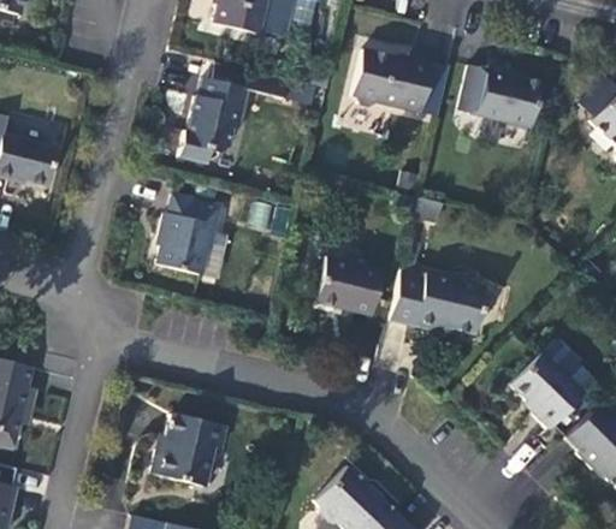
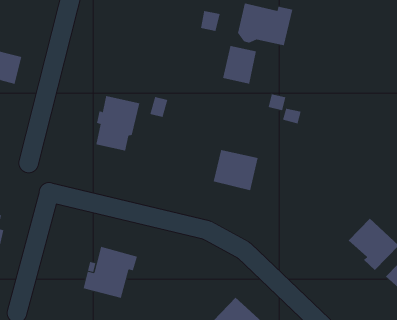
building: [466,67,549,132] -> none
building: [178,71,248,154] -> none
building: none -> [223,45,257,85]
building: [397,278,494,339] -> none

